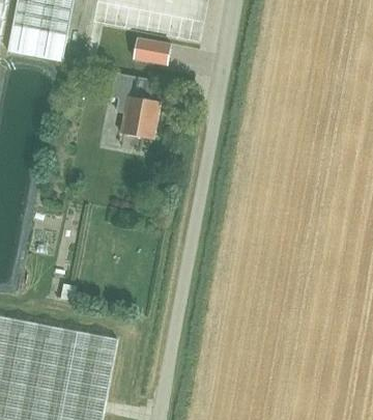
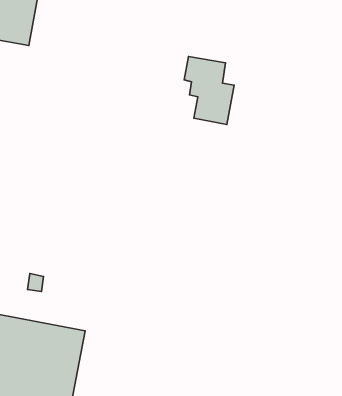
building: [134,39,171,66] -> none
building: [112,75,161,141] -> [184,56,234,125]

